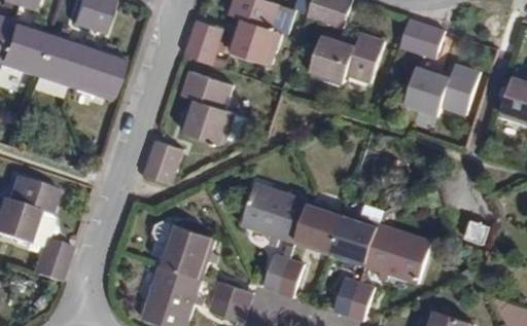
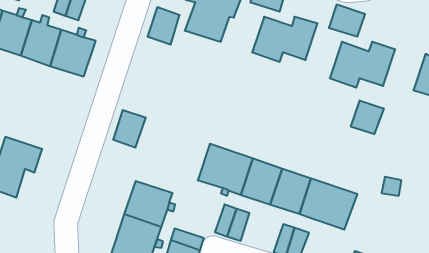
building: [180,70,234,148] -> none
building: none -> [351,100,384,134]
building: [33,236,73,279] -> none

